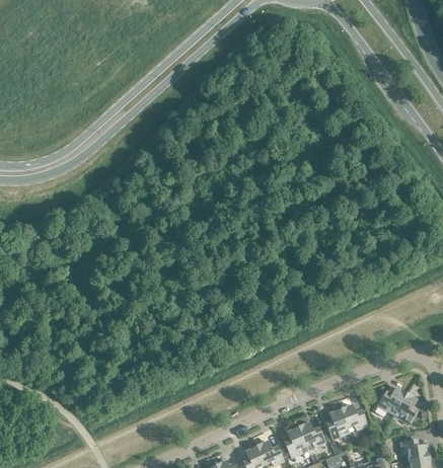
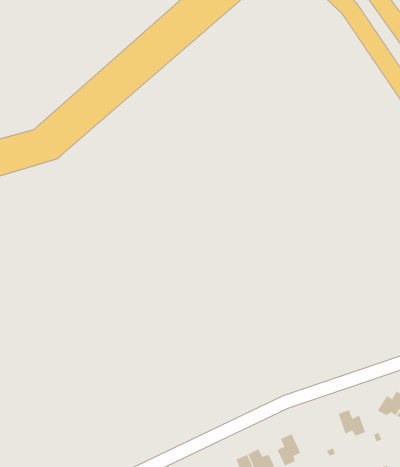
building: [326,408,348,439] -> none
building: [298,421,324,447] -> none

